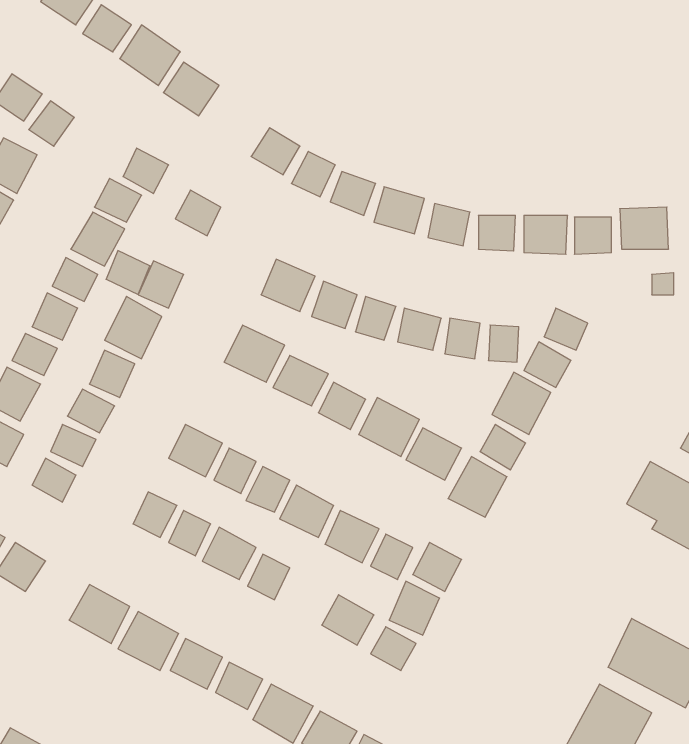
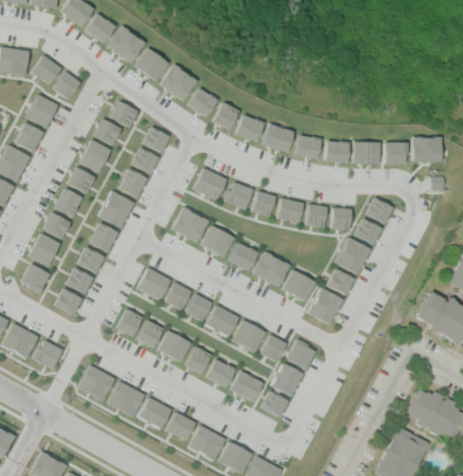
building: none -> [160,64,197,100]
building: [106,251,150,294] -> [132,147,158,174]
building: none -> [206,359,236,387]

